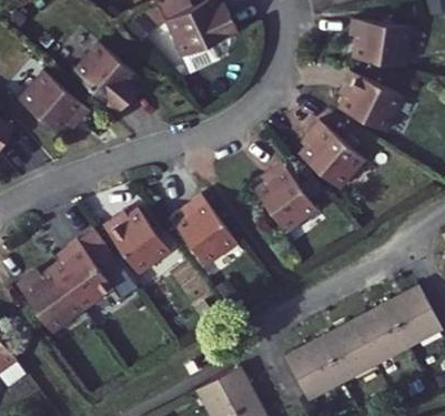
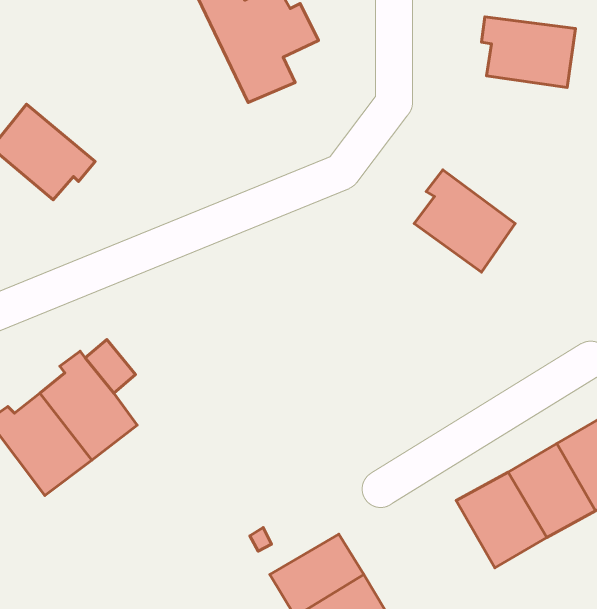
building: [89,54,153,120] -> none
building: [327,72,394,134] -> none
building: [250,164,313,235] -> none
building: [165,190,233,263] -> none
building: [98,205,168,271] -> none
building: [293,338,348,400] -> none

